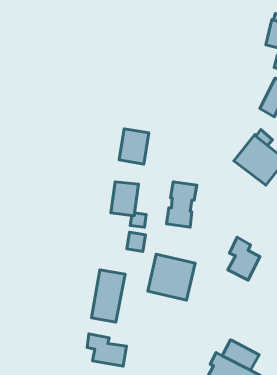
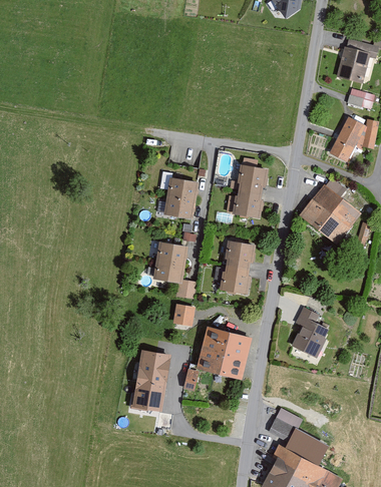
building: none -> [231,165,268,219]
building: none -> [266,407,303,444]
building: [87,334,127,366] -> none

